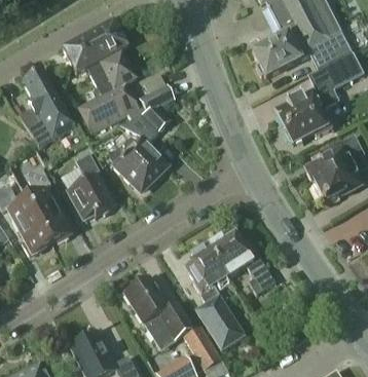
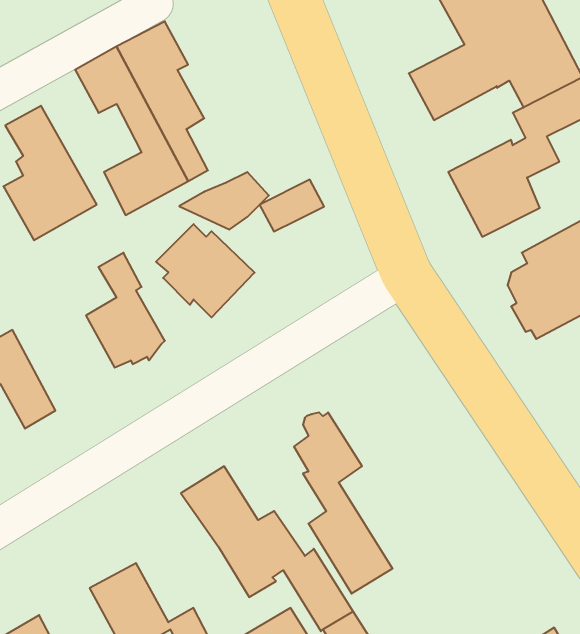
building: [140,83,177,113] -> [260,180,324,232]
building: [25,167,69,243] -> none
building: [207,227,273,294] -> none

